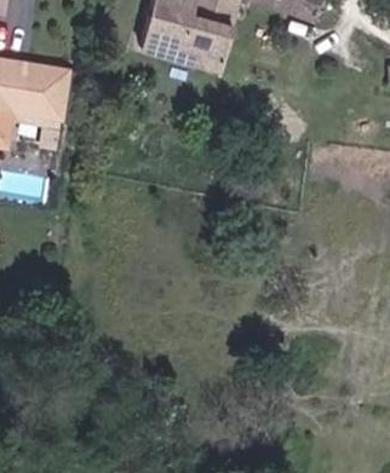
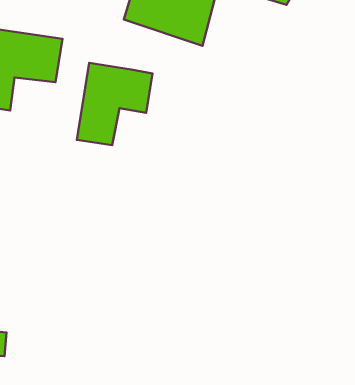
building: none -> [77,63,152,145]

